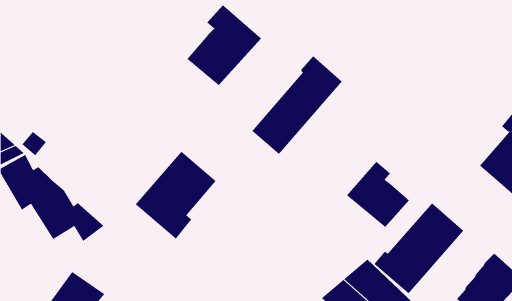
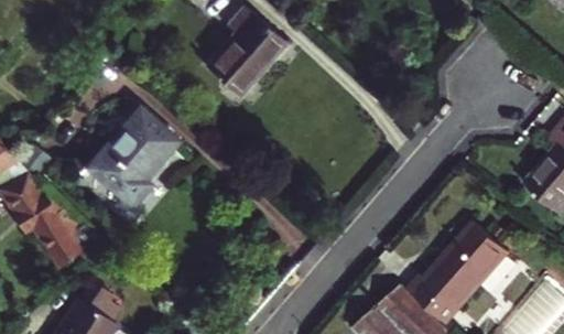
building: [251,55,343,155] -> none
building: [135,151,216,240] -> [88,107,177,204]
building: [346,161,410,228] -> none

